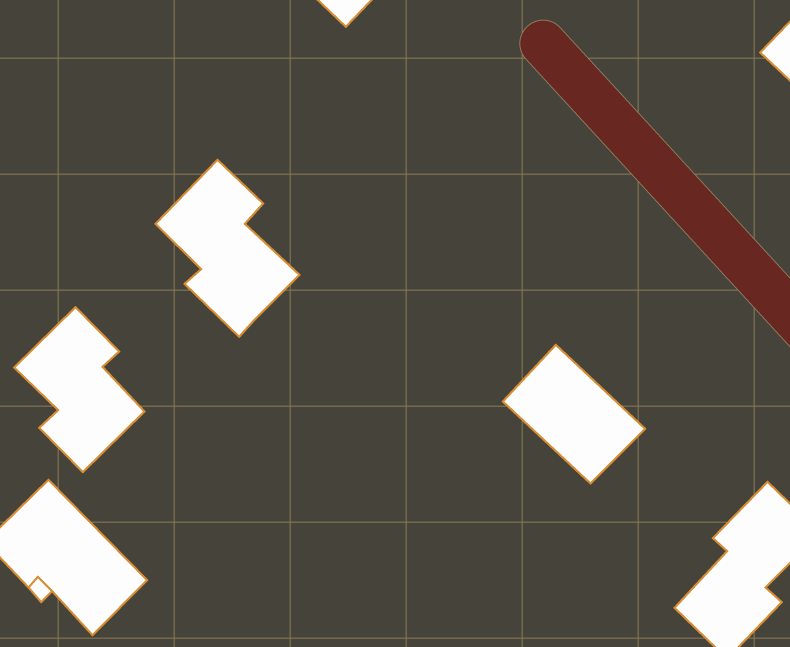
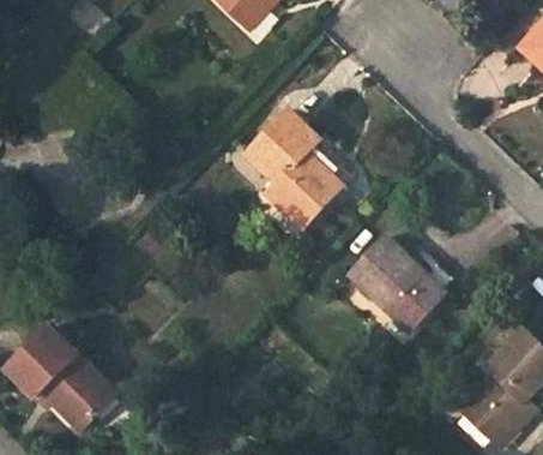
building: [155,160,300,337] -> [247,110,342,227]
building: [14,307,144,472] -> none

